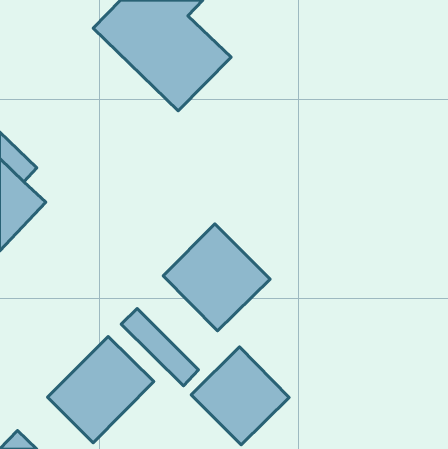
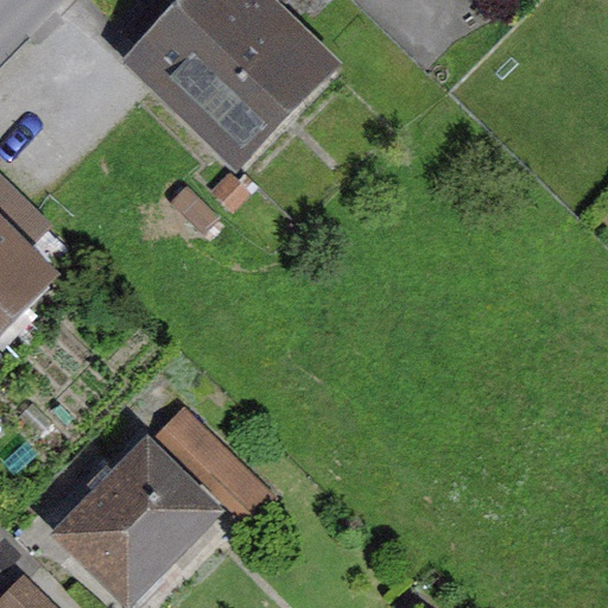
building: [163,224,270,331] -> none
building: [191,347,289,445] -> none

